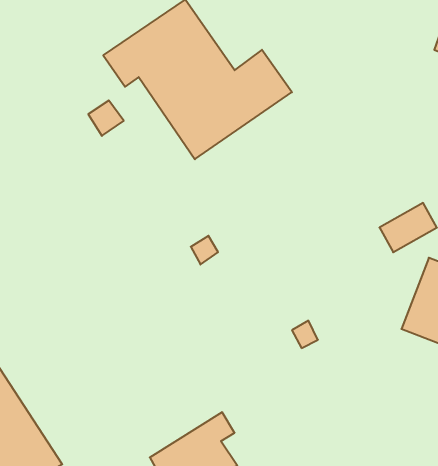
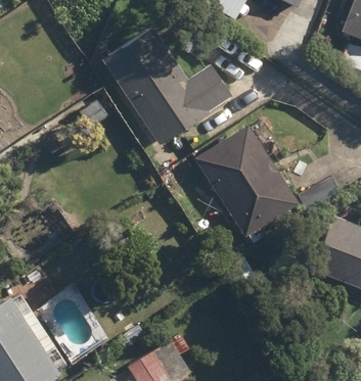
building: none -> [194,125,300,238]

